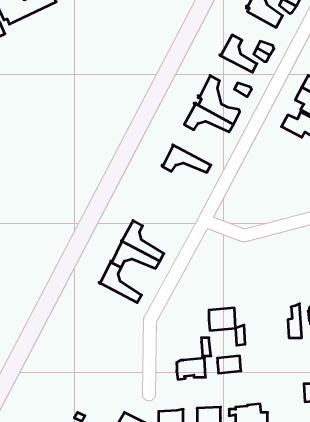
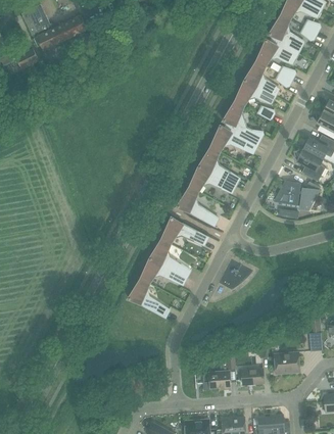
building: none -> [255,38,297,65]
building: none -> [234,80,275,104]
building: none -> [198,146,239,185]
building: none -> [296,148,325,181]
building: none -> [275,181,320,209]
building: none -> [177,186,218,226]
building: none -> [160,216,207,244]
building: [209,308,236,330] -> [274,351,299,373]

